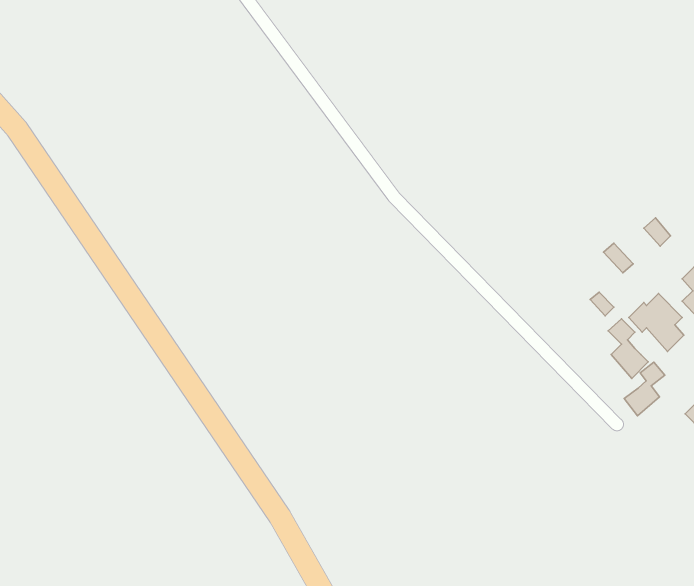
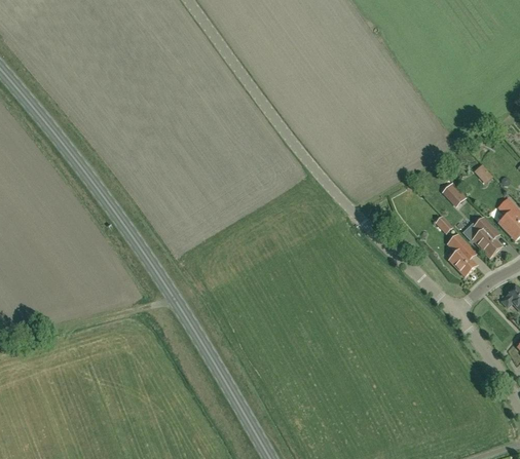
building: [624,362,665,416] -> none

